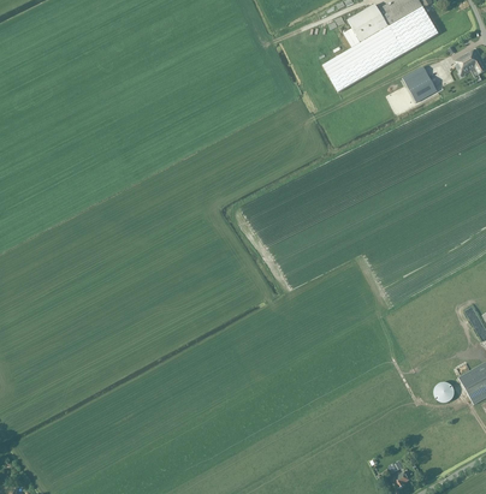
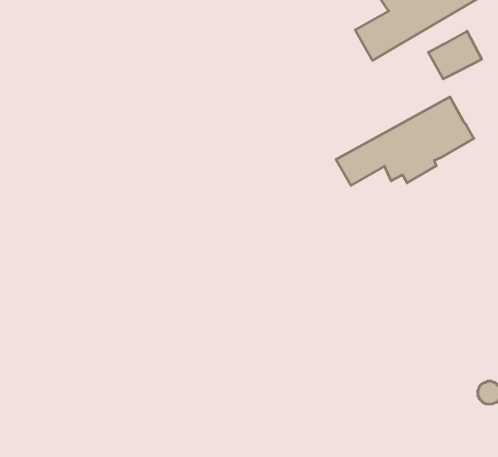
building: none -> [336,97,474,185]

